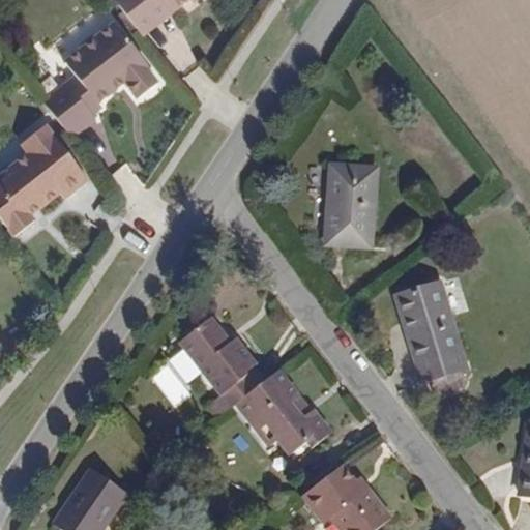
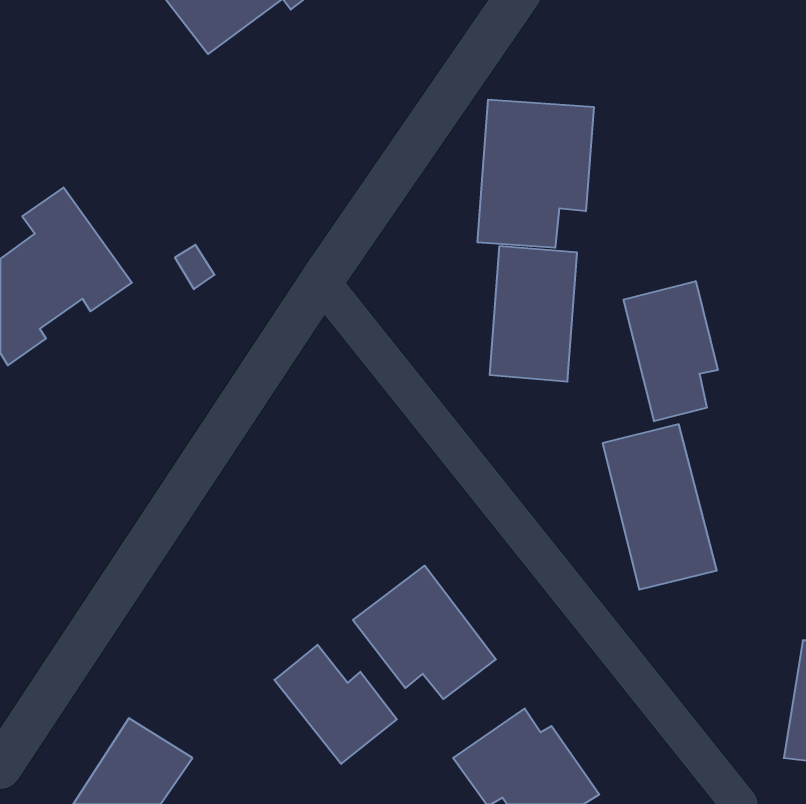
building: [42,21,159,140] -> none
building: none -> [478,100,594,248]
building: none -> [624,281,718,421]
building: [178,317,258,394] -> [274,645,397,764]

